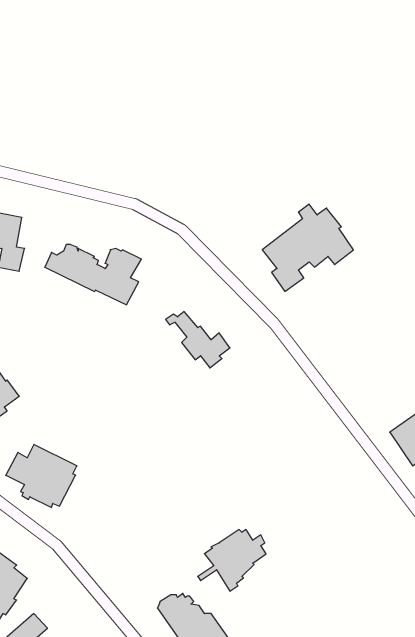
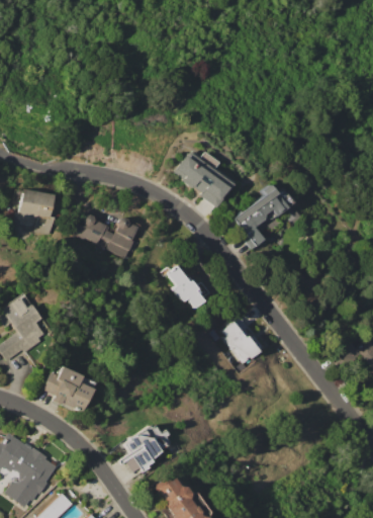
building: none -> [174,150,235,207]
building: none -> [221,317,264,363]
building: [198,530,266,591] -> [118,425,170,471]

